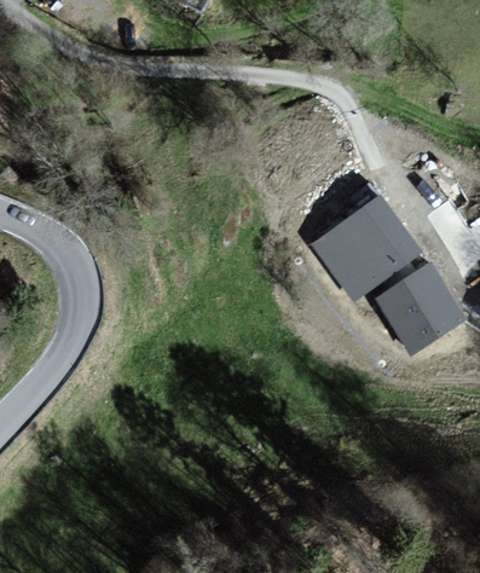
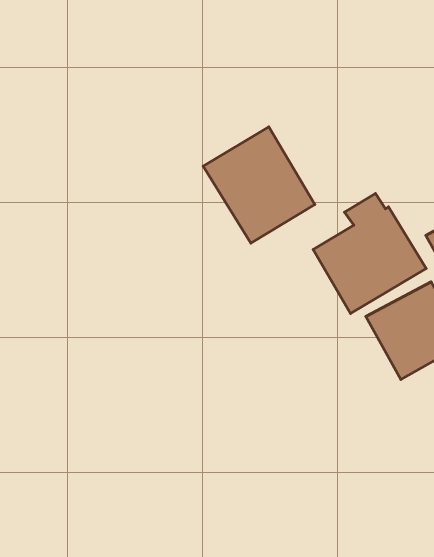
building: none -> [203,127,315,243]

